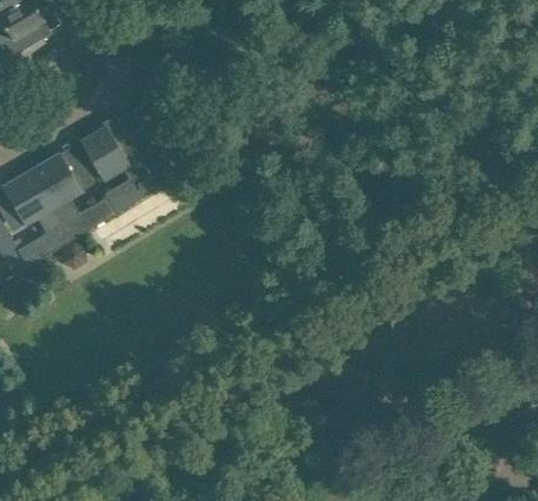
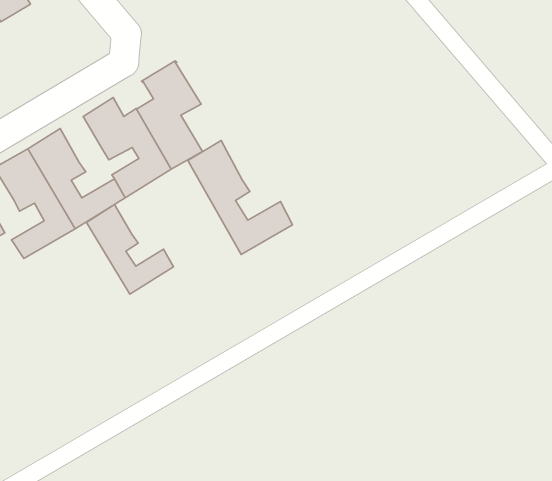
building: none -> [188,140,293,255]
building: none -> [86,204,173,294]

